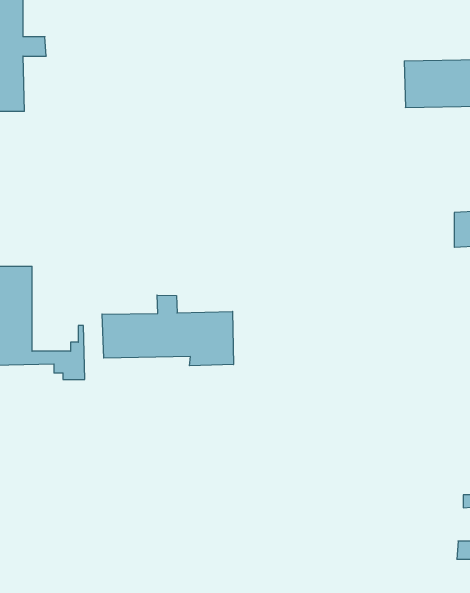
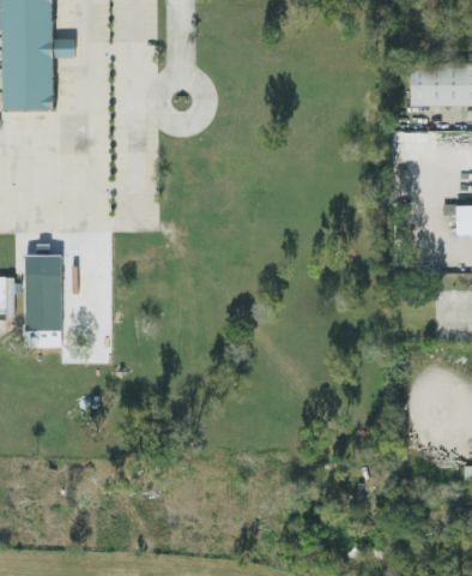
building: [102,295,233,366] -> none

